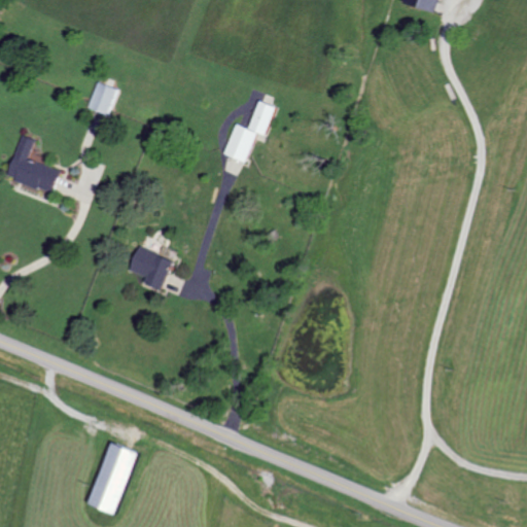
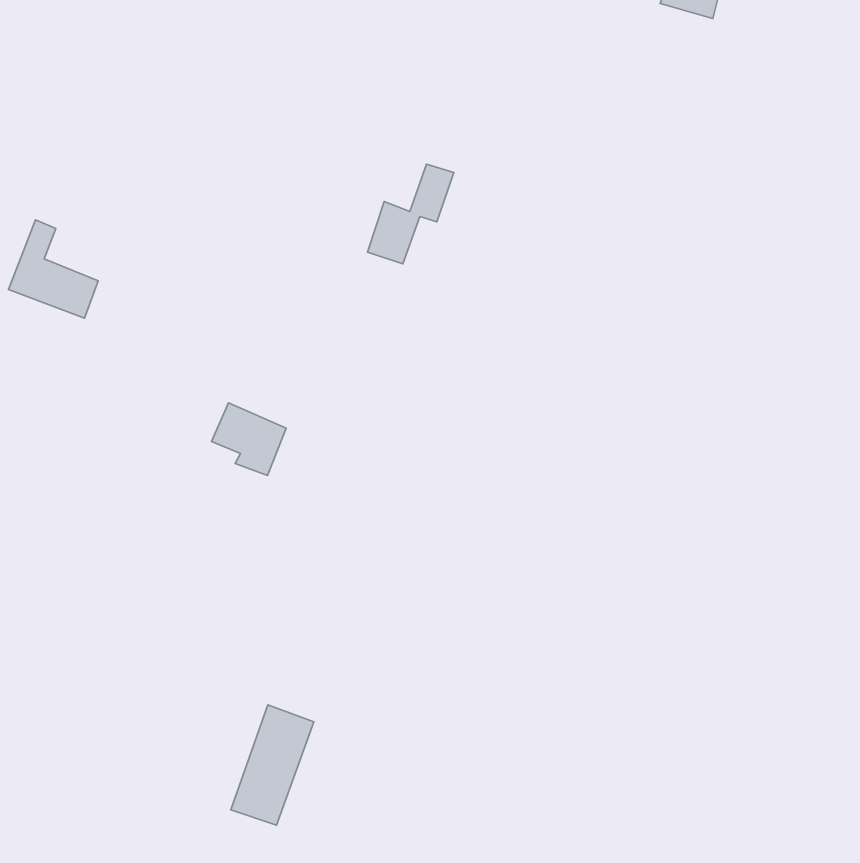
building: [86,81,116,114] -> none
building: [86,442,137,515] -> [231,705,314,825]

